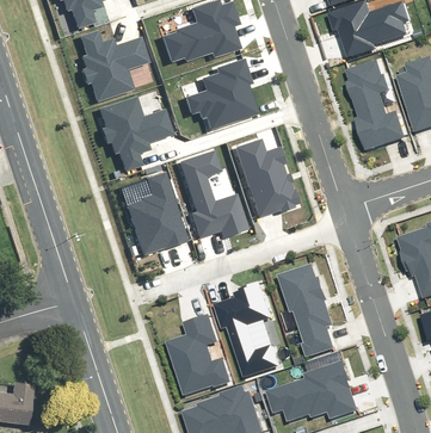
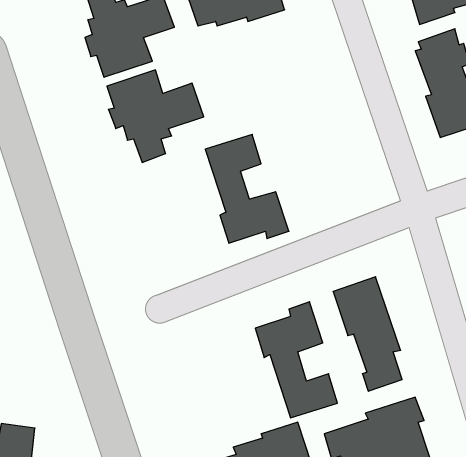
building: [180,57,257,130] -> none
building: [230,136,294,216] -> none
building: [125,168,185,253] -> none
building: [170,314,232,394] -> none

